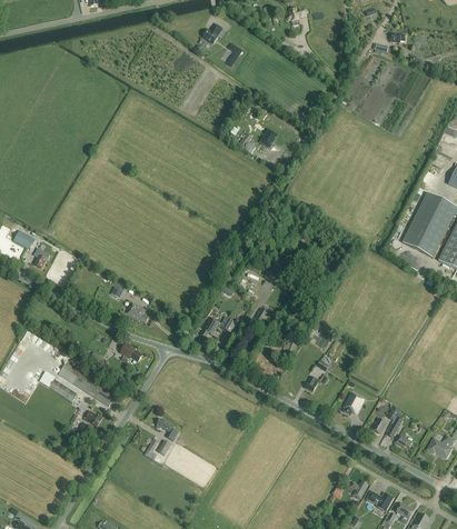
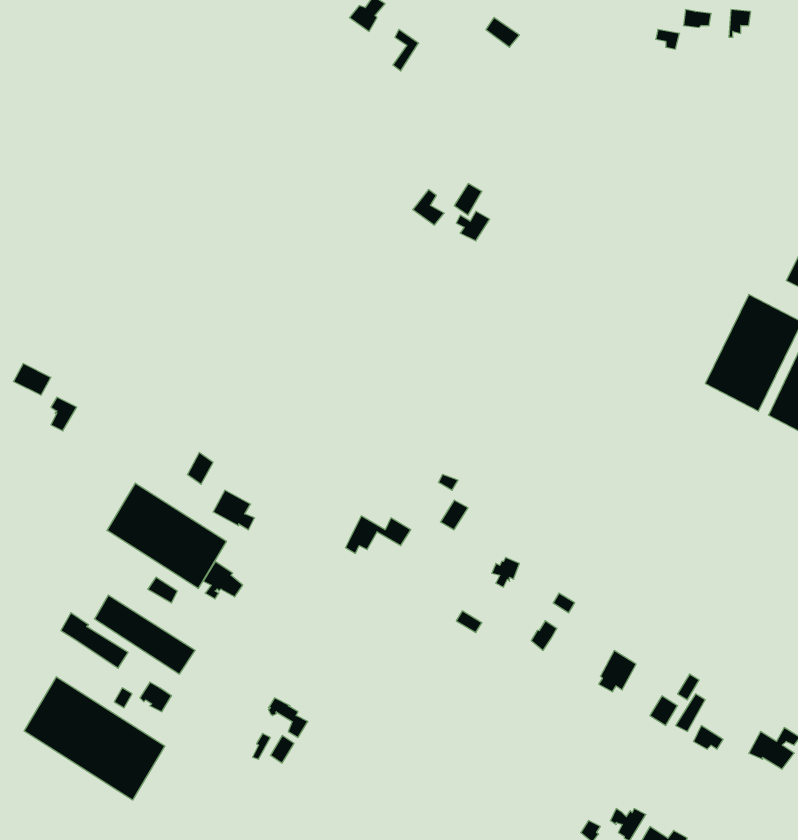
building: none -> [107,483,226,589]
building: none -> [24,677,165,800]

